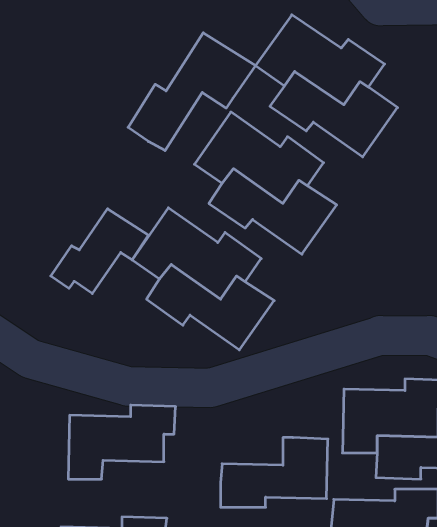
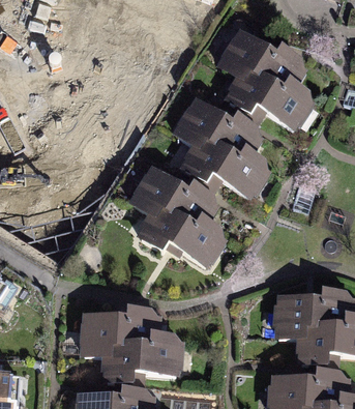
building: [128,33,255,151] -> none
building: [51,209,149,294] -> none
building: [221,438,328,507] -> [106,329,182,379]

